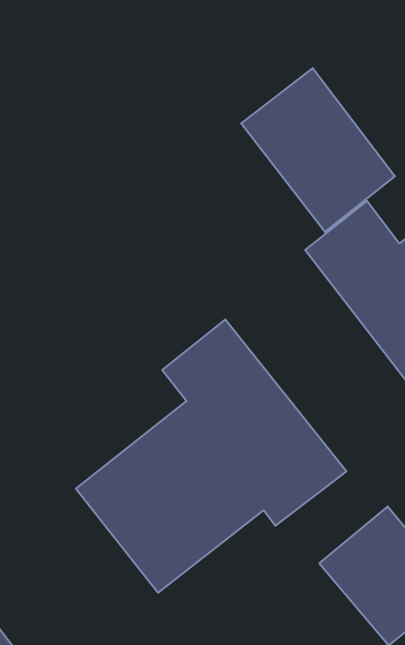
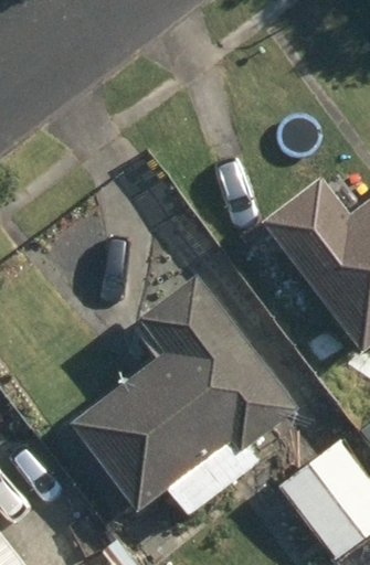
building: [241,68,395,232] -> none

